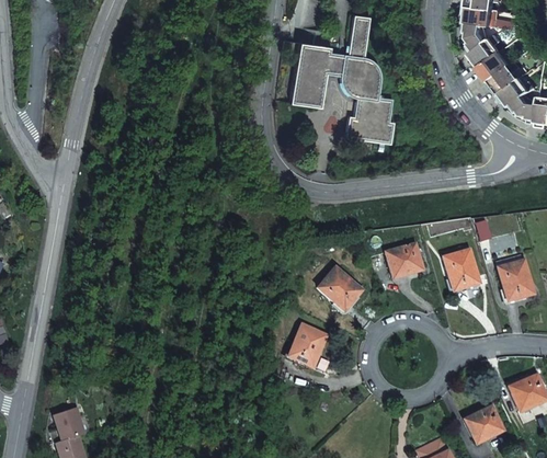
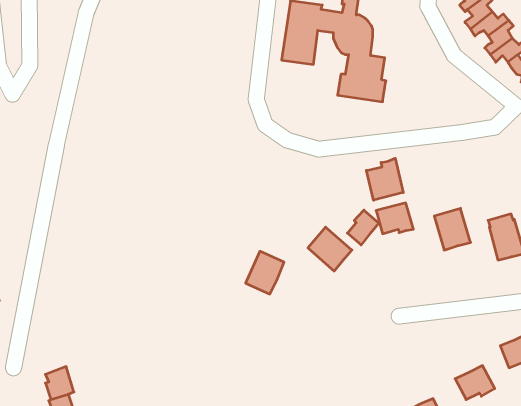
building: none -> [366,158,403,200]
building: none -> [347,210,379,245]
building: [287,324,326,367] -> [246,251,284,294]

